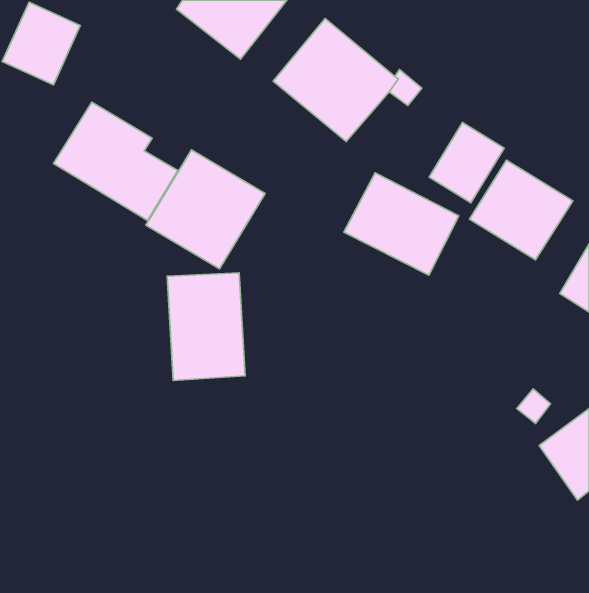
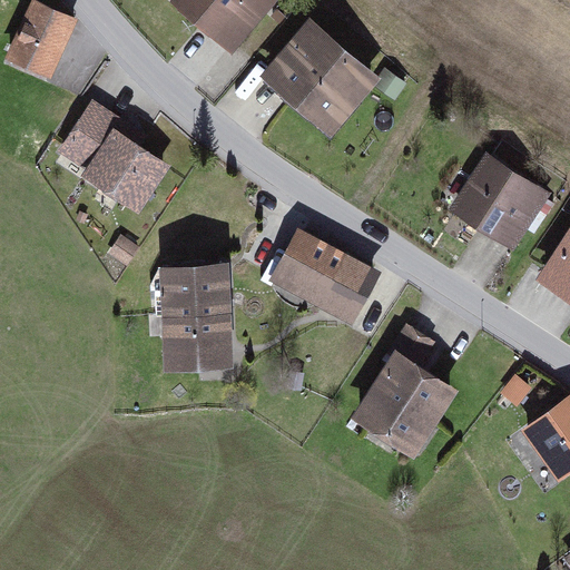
building: [429,123,504,203] -> none
building: [146,150,265,269] -> none
building: [344,173,459,275] -> [269,227,380,325]
building: none -> [352,324,460,460]

